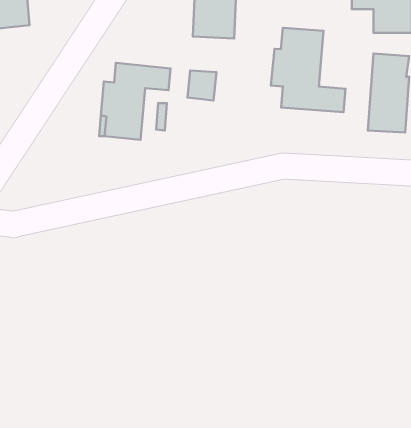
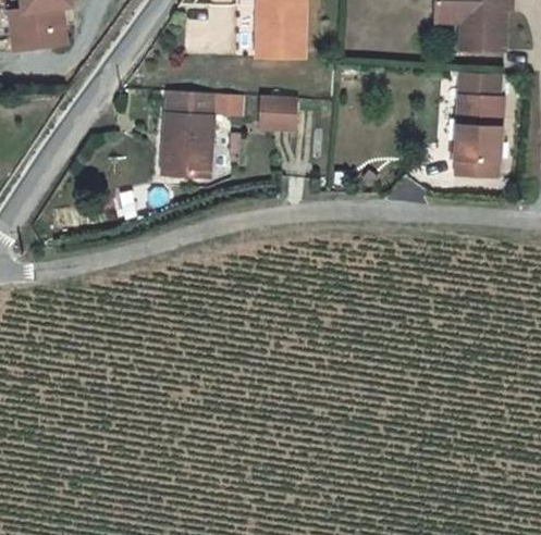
building: [271,28,345,112] -> none

